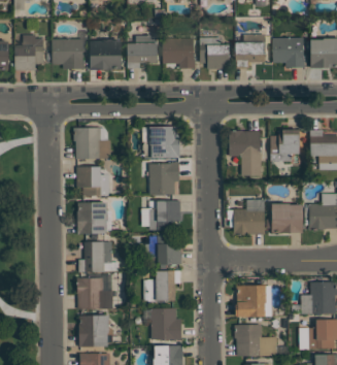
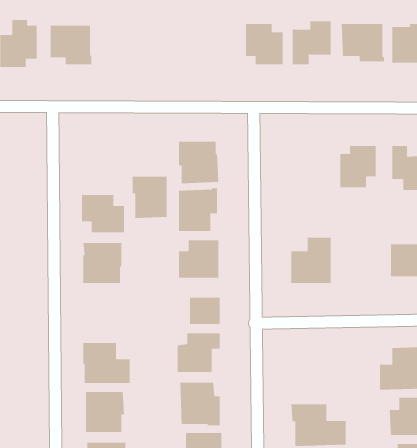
building: [127,36,157,69] -> none
building: [163,39,195,68] -> none
building: [91,40,122,70] -> none
building: [74,128,101,160] -> [132,176,167,219]
building: [229,131,260,165] -> none
building: [271,204,303,233] -> none
building: [79,242,111,272] -> none
building: [236,286,267,318] -> none

